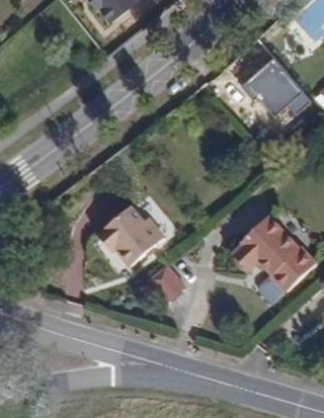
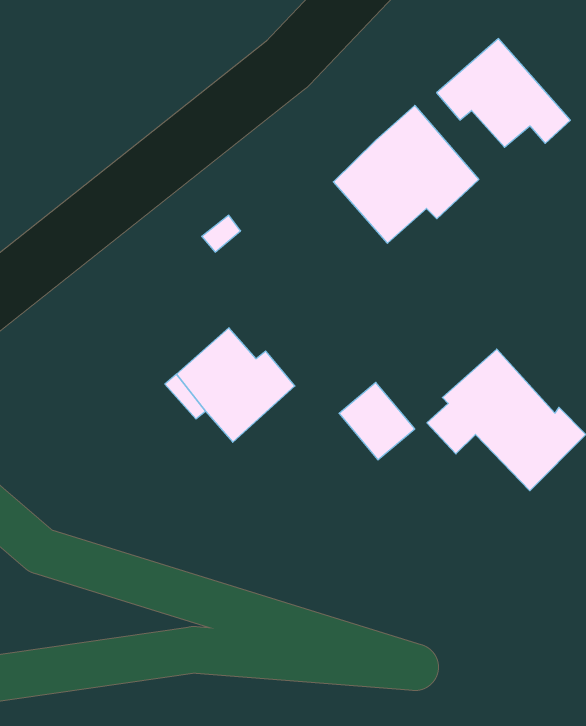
building: none -> [333,105,479,243]
building: [146,263,185,304] -> [339,382,415,460]

